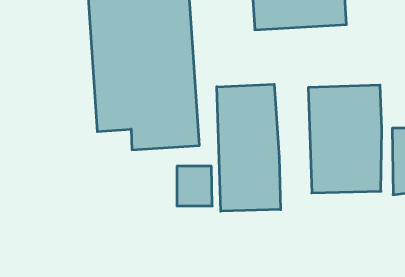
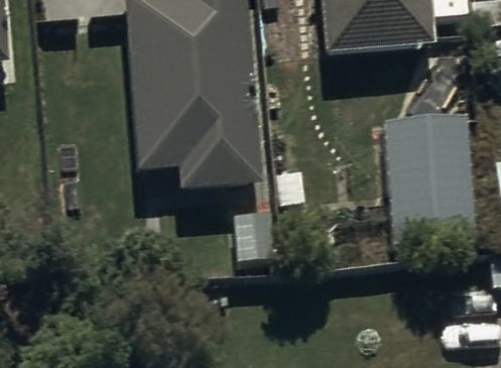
building: [217,84,281,211] -> none

